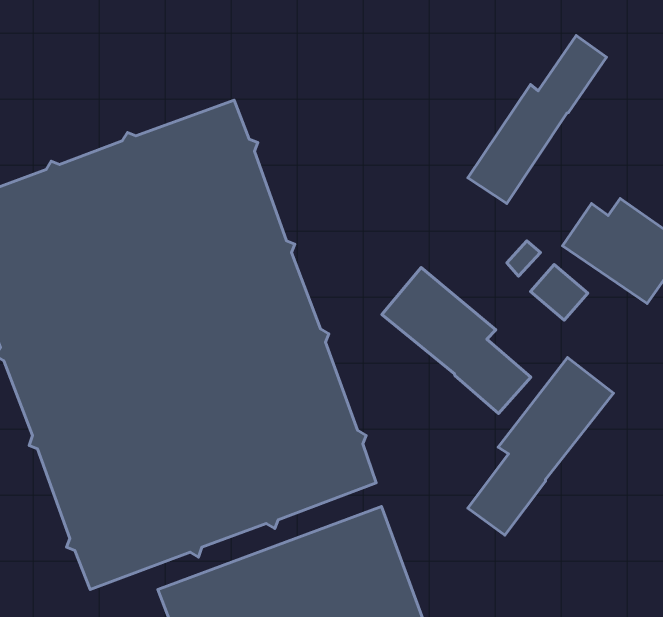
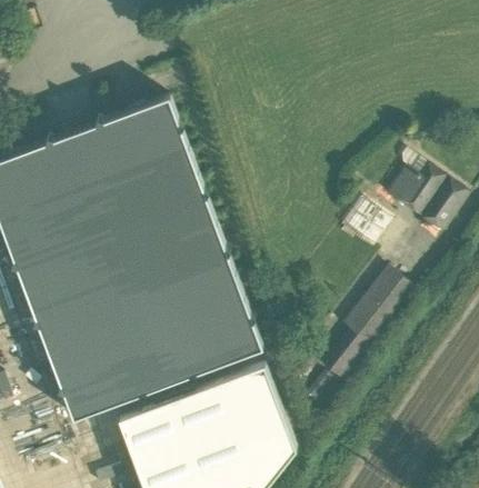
building: [468,36,606,204] -> none
building: [382,268,531,413] -> none

